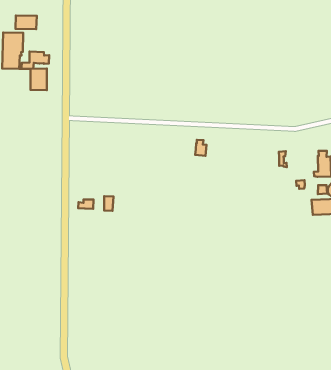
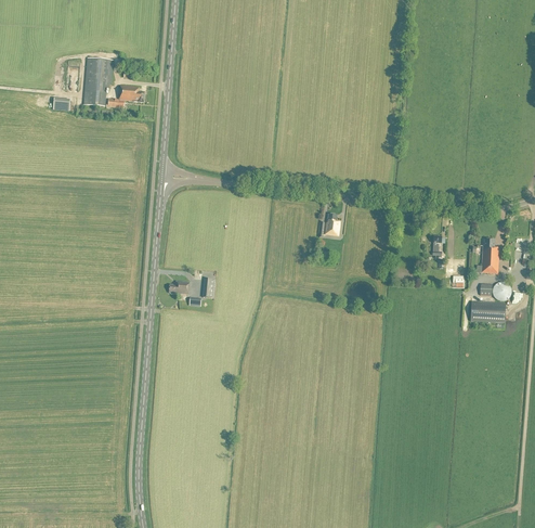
building: [16,15,37,29] -> none
building: [30,69,47,90] -> none

